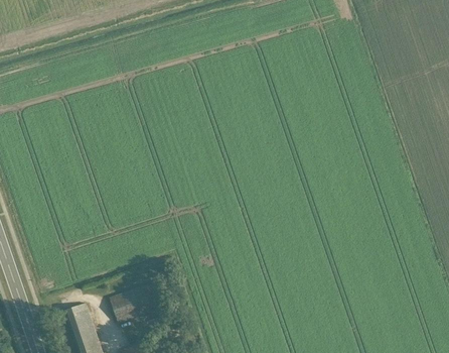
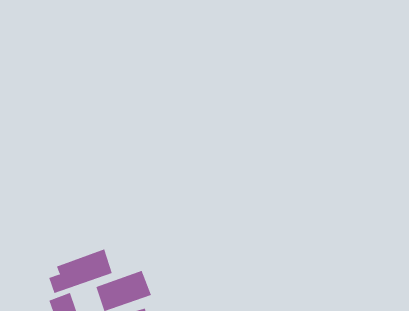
building: none -> [48,249,113,294]

